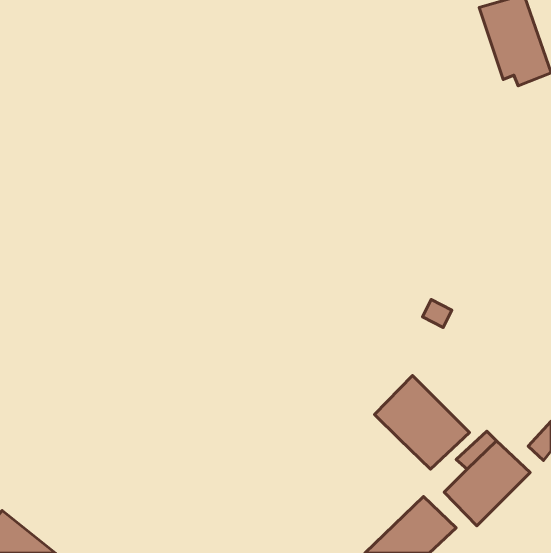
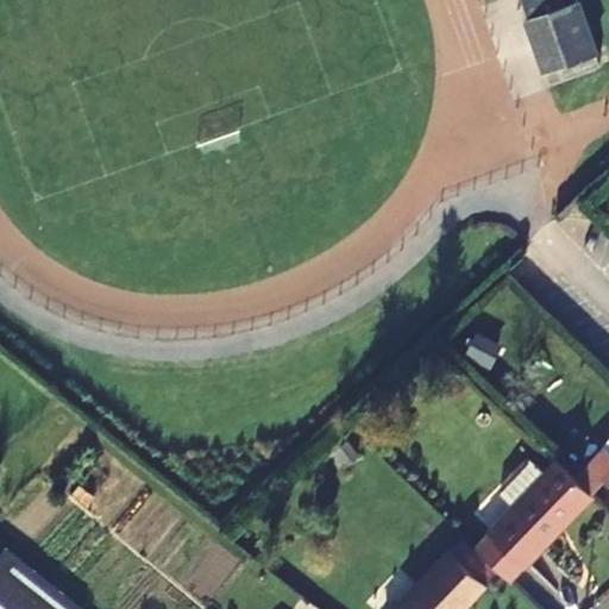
building: [374,375,470,469] -> none

